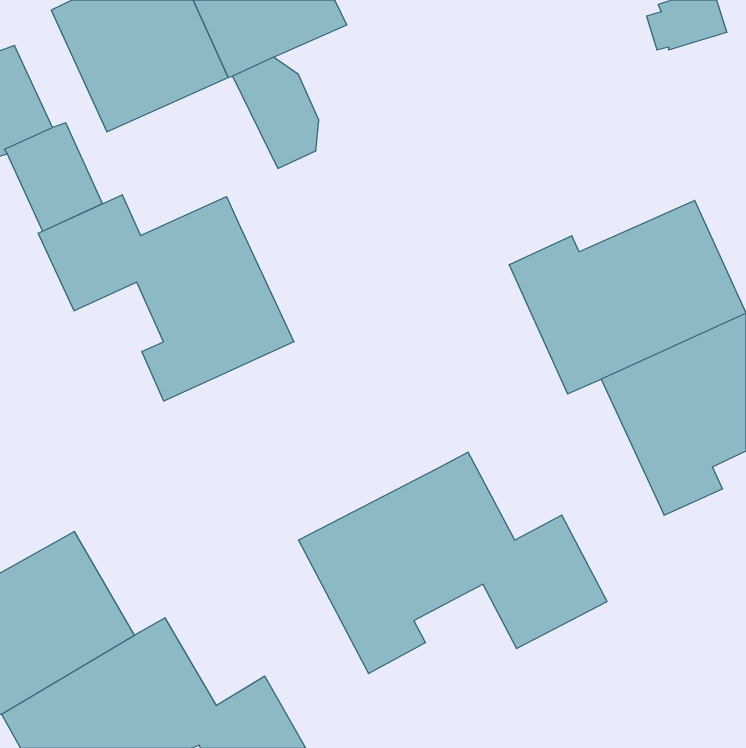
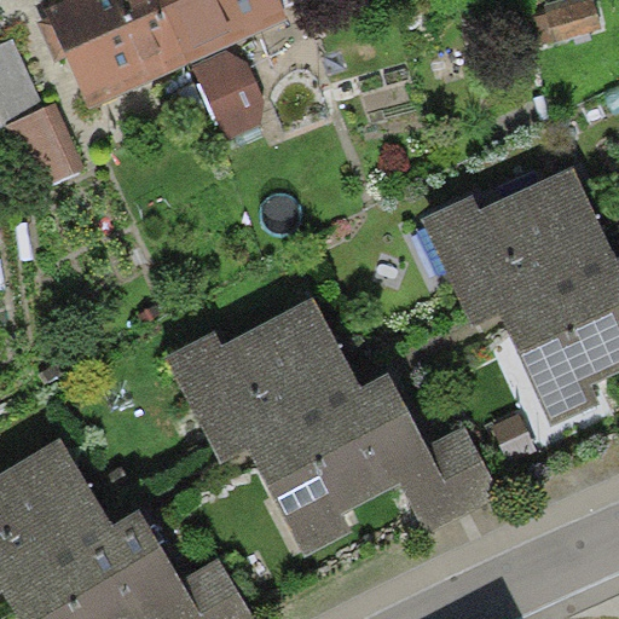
building: [38,195,294,401] -> none
building: none -> [162,295,361,461]

